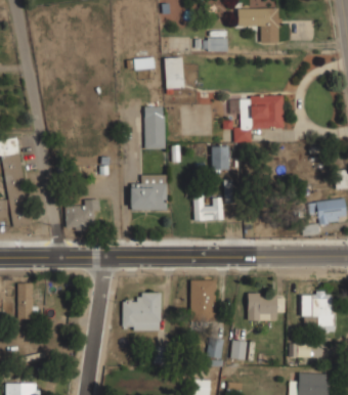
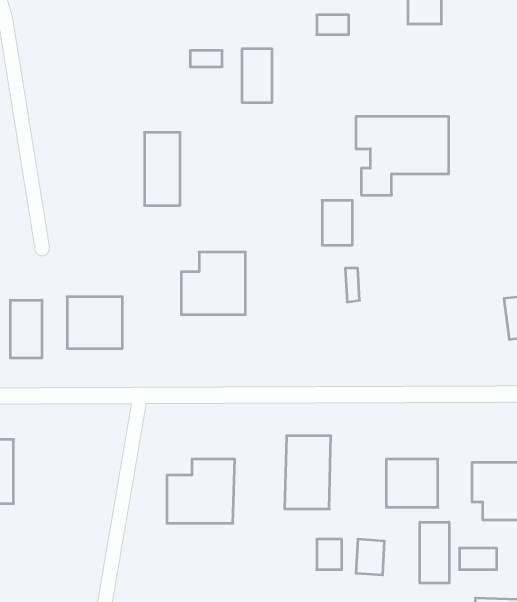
building: [144,106,165,148] -> [144,132,180,205]
building: [193,196,222,221] -> none
building: none -> [10,300,42,358]
building: none -> [420,522,449,583]

